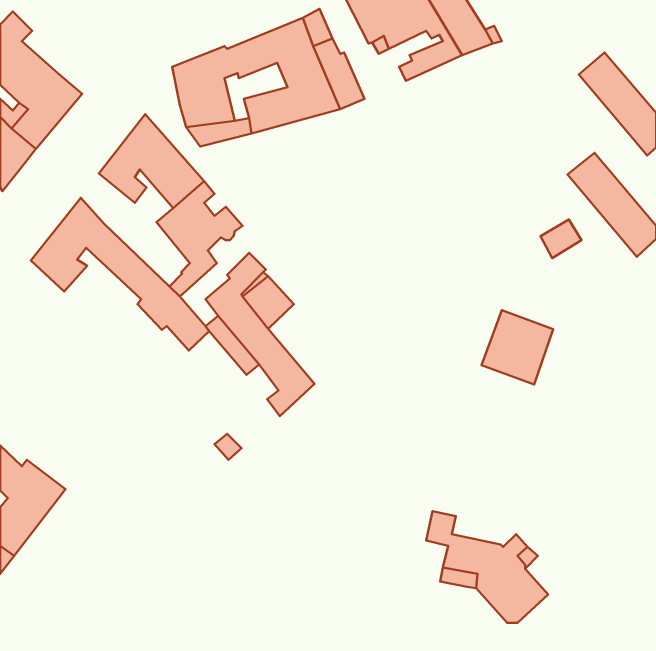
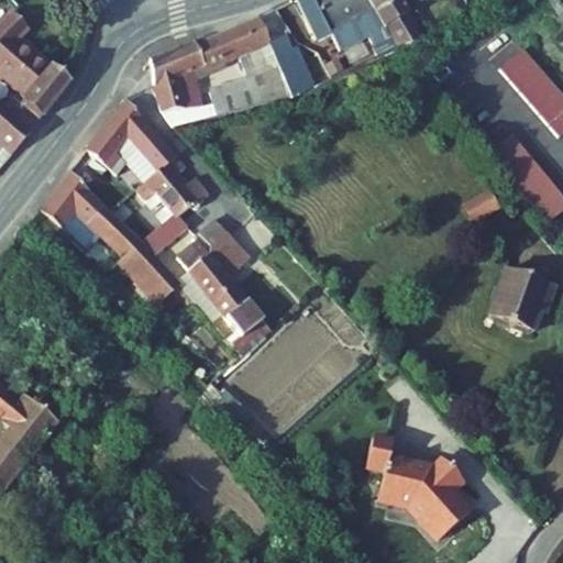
building: [481,310,553,384] -> [487,266,549,330]

